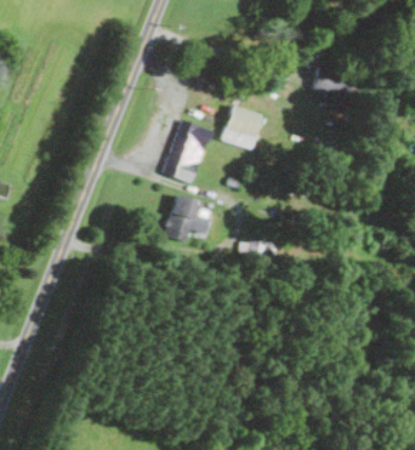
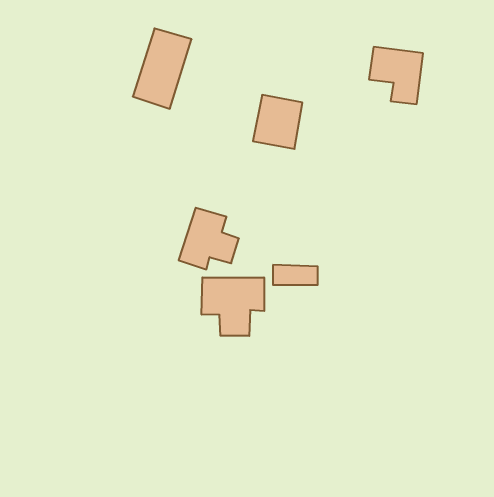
building: [164,120,210,183] -> [133,28,192,109]
building: none -> [202,277,264,336]

